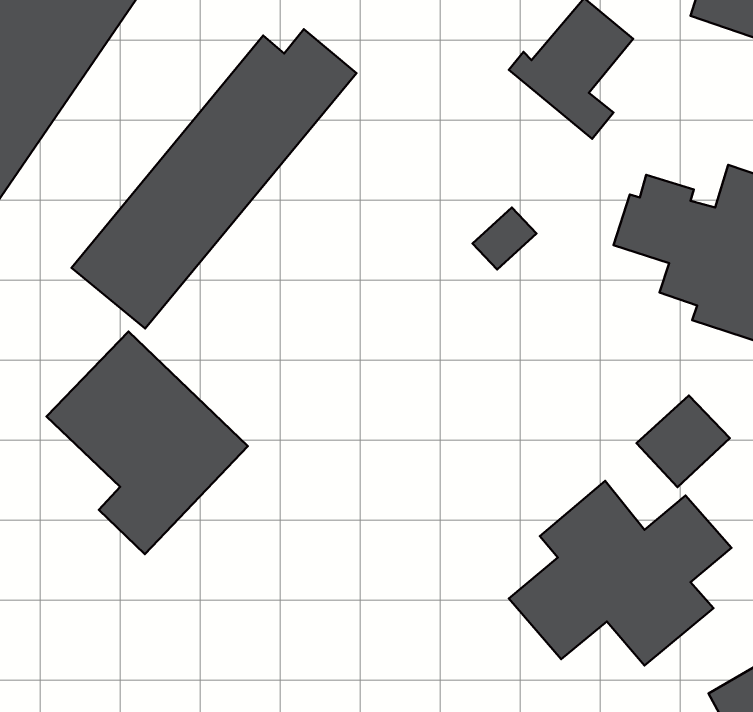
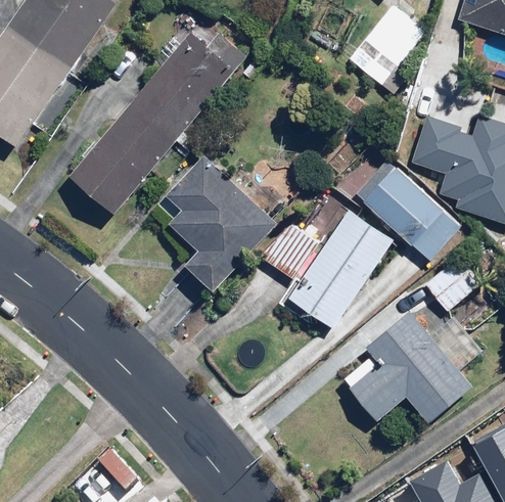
building: none -> [364,167,462,264]
building: none -> [288,210,393,327]
building: [46,331,248,554] -> [150,152,276,291]
building: none -> [265,222,318,277]

